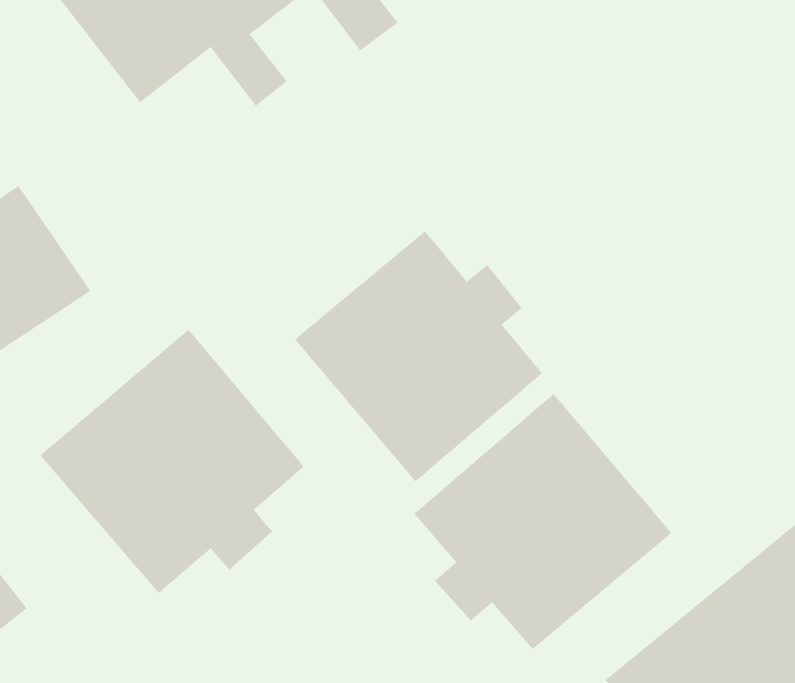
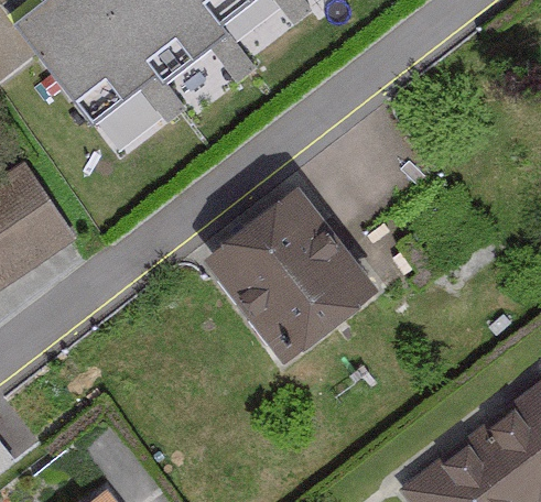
building: [39,329,304,594] -> none
building: [414,393,672,650] -> none

